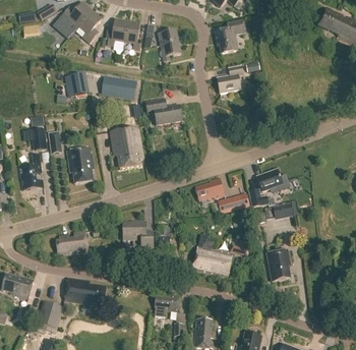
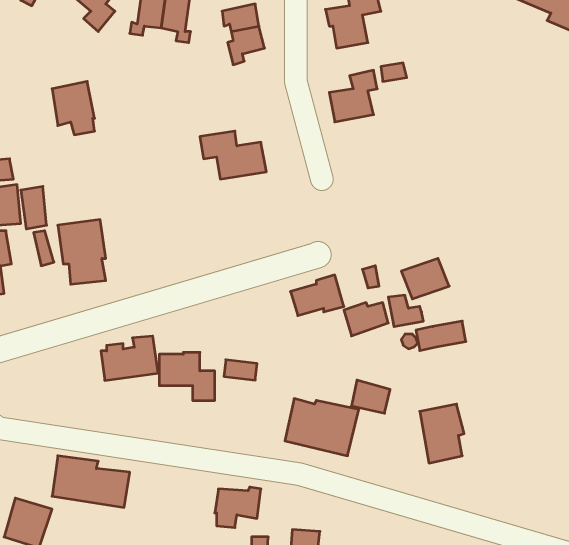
building: [102,76,136,99] -> none
building: [110,126,142,168] -> none
building: [56,231,87,255] -> [101,336,158,380]

